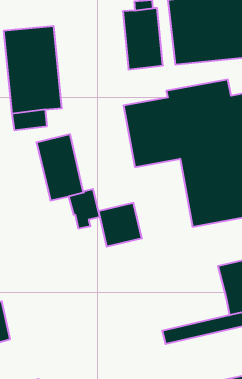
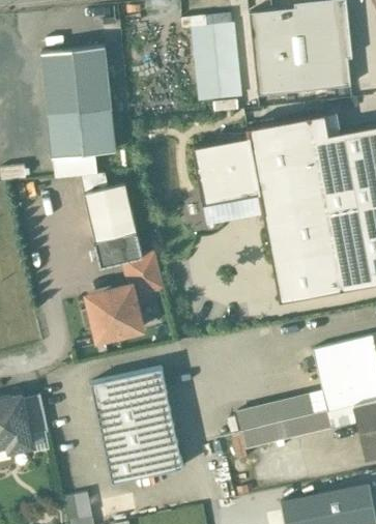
building: [98,203,142,247] -> [87,285,142,340]
building: none -> [91,368,182,483]
building: none -> [236,390,326,432]

